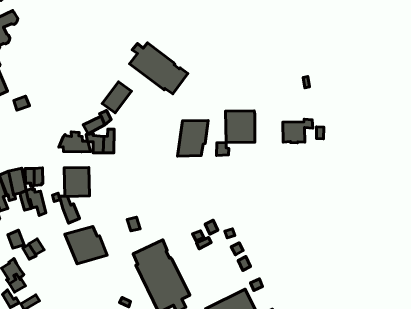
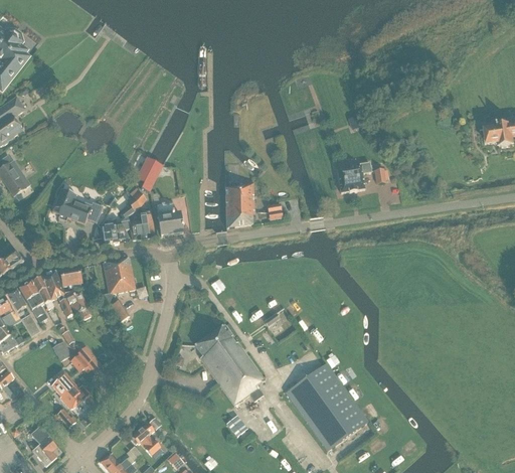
building: [129,43,188,94] -> none
building: none -> [54,188,103,223]
building: [225,111,255,142] -> none
building: none -> [157,202,183,235]
building: [65,227,107,264] -> none

